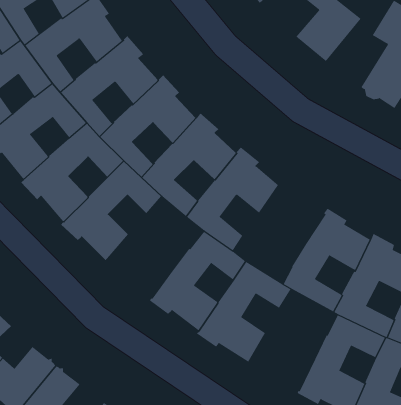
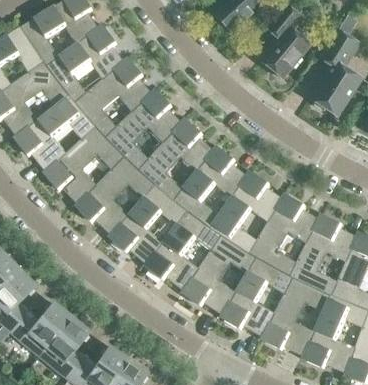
building: none -> [210,170,282,253]
building: none -> [108,184,187,264]
building: none -> [220,257,292,337]

